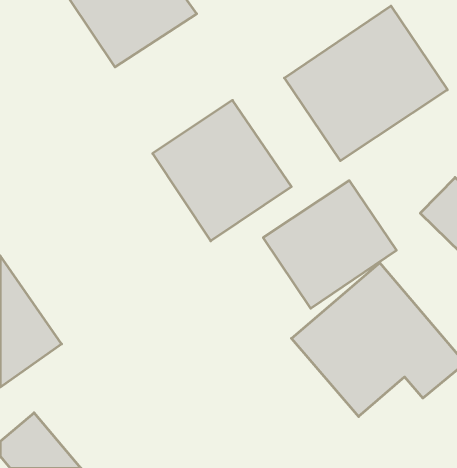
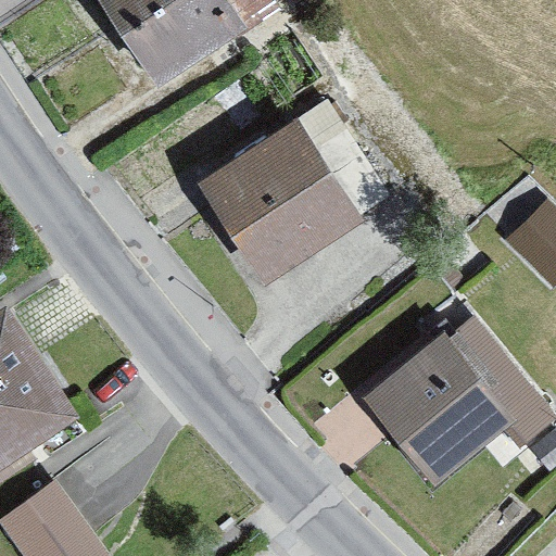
building: [284,6,447,161] -> none
building: [263,181,396,308] -> none

